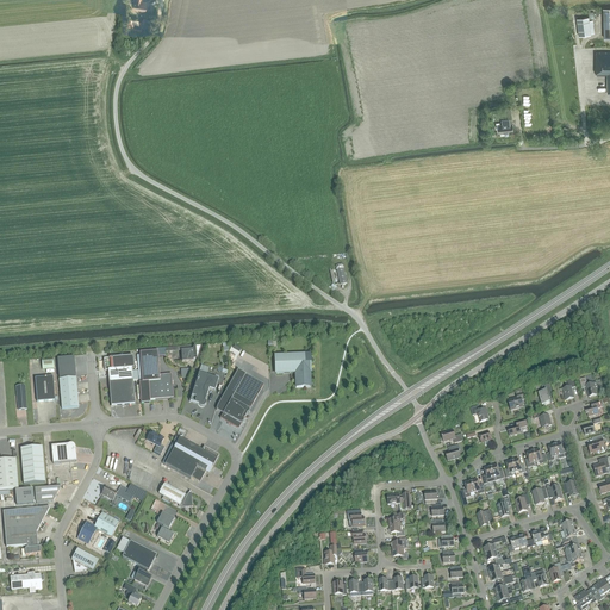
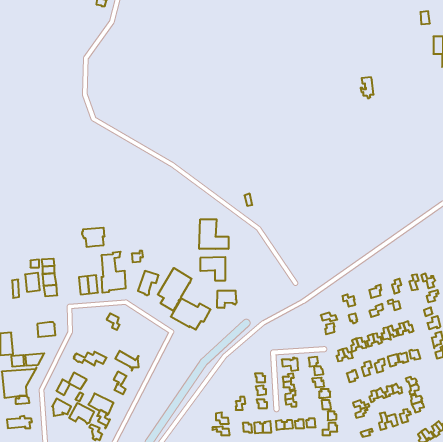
building: none -> [199,219,228,249]
building: [102,354,133,380] -> [82,228,105,247]
building: none -> [217,291,237,308]
building: [164,437,219,480] -> [171,298,211,330]
building: [20,444,45,483] -> none
building: none -> [69,403,94,424]

